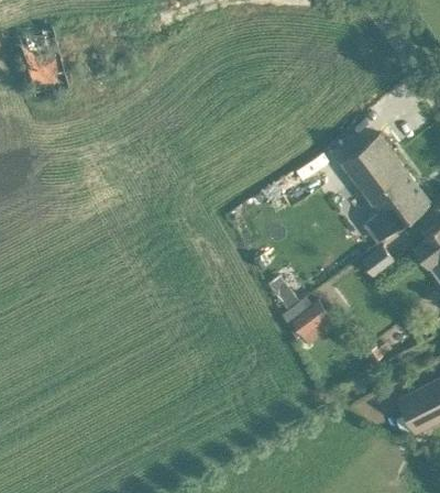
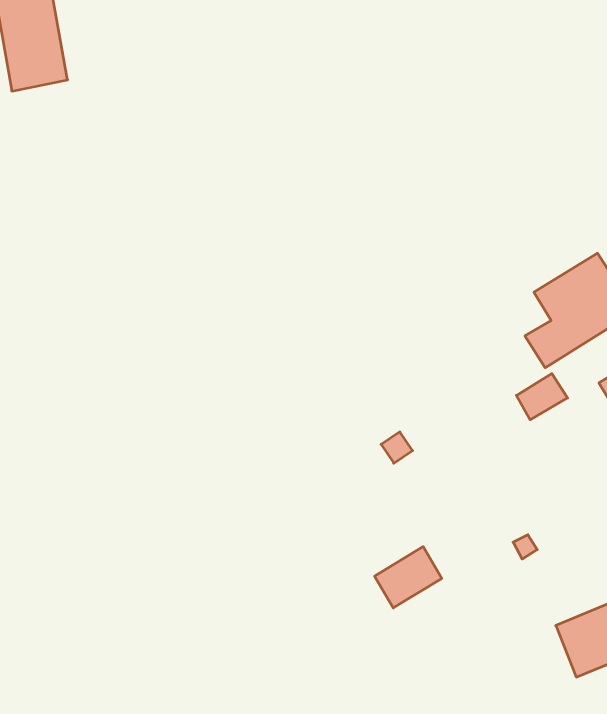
building: [342,135,406,198] -> none
building: [292,300,333,340] -> [375,547,442,608]

